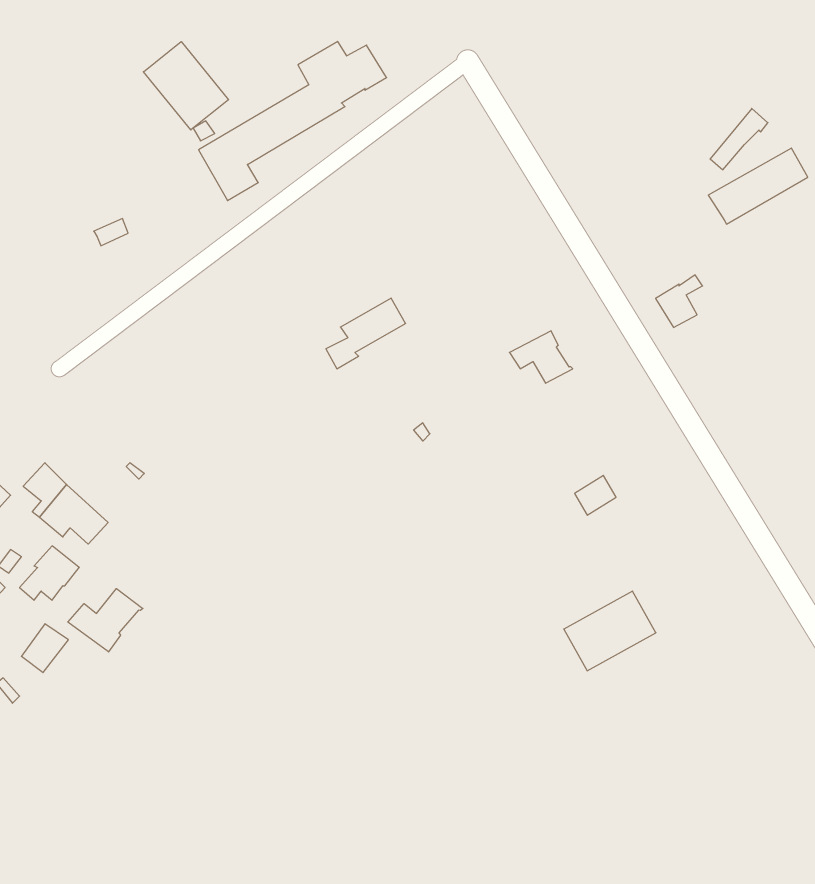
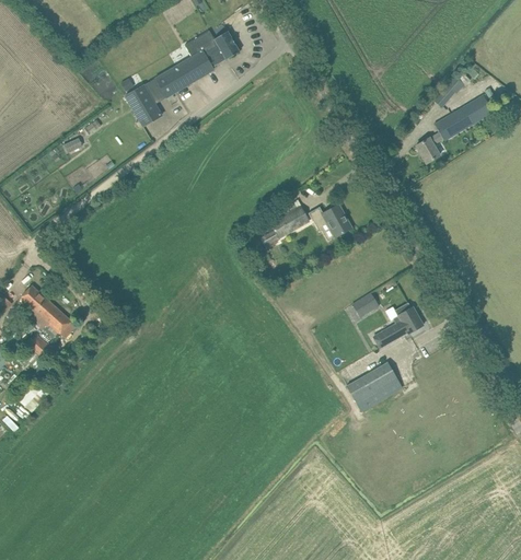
building: [143,42,229,130] -> none
building: [656,275,703,327] -> [416,131,444,163]
building: [326,298,406,369] -> [261,206,309,248]
building: none -> [374,302,424,348]
building: [68,589,143,652] -> none

